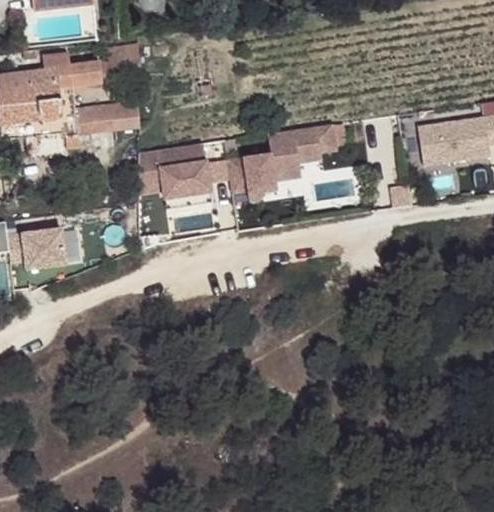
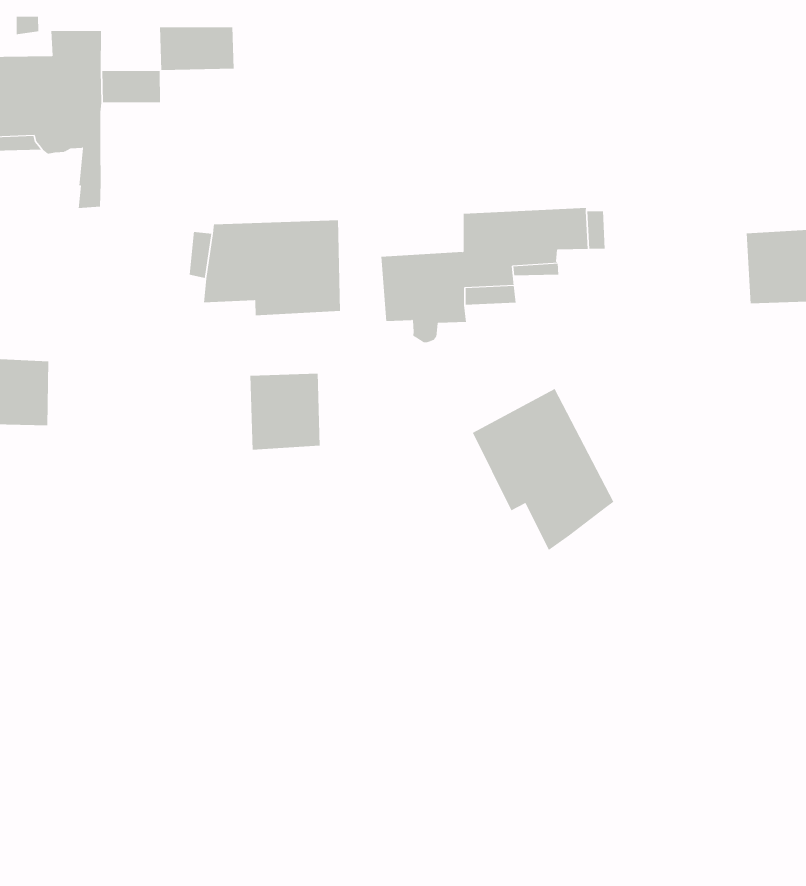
building: [74,100,140,134] -> none
building: none -> [472,388,614,551]
building: none -> [250,373,320,450]

